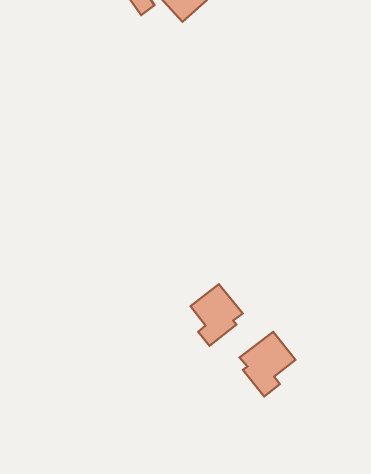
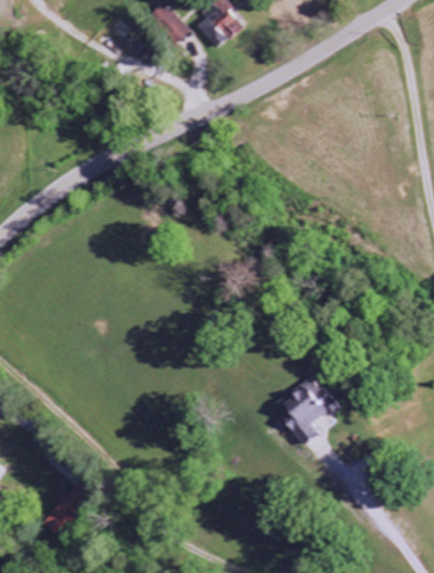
building: [190,284,243,346] -> none

